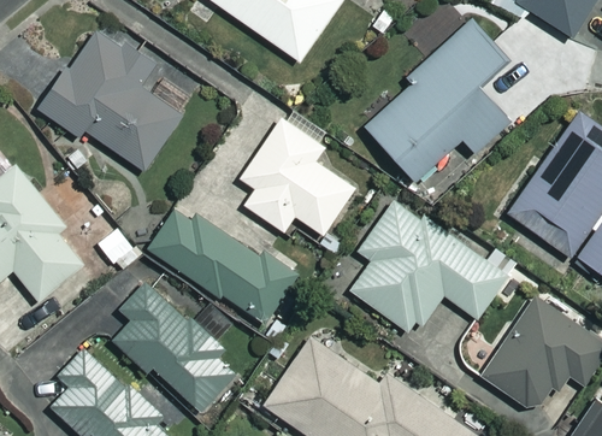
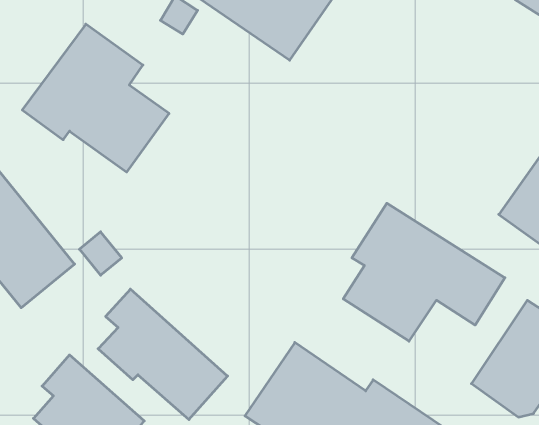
building: [366,20,510,196] -> none
building: [240,119,355,235] -> none
building: [148,201,296,325] -> none

